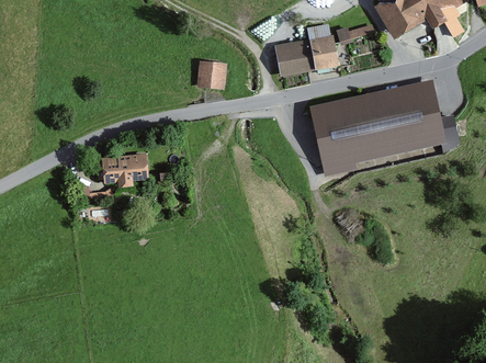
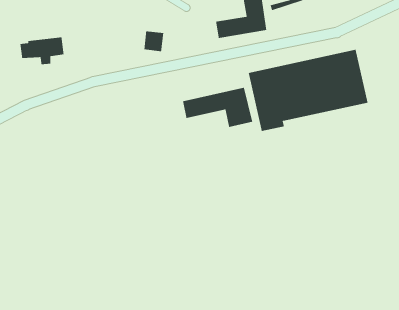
building: none -> [182,87,253,128]
building: [95,155,144,185] -> [19,36,64,65]

